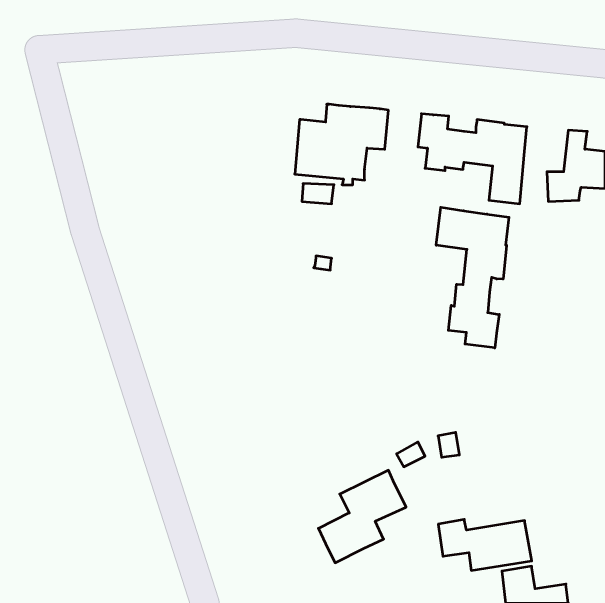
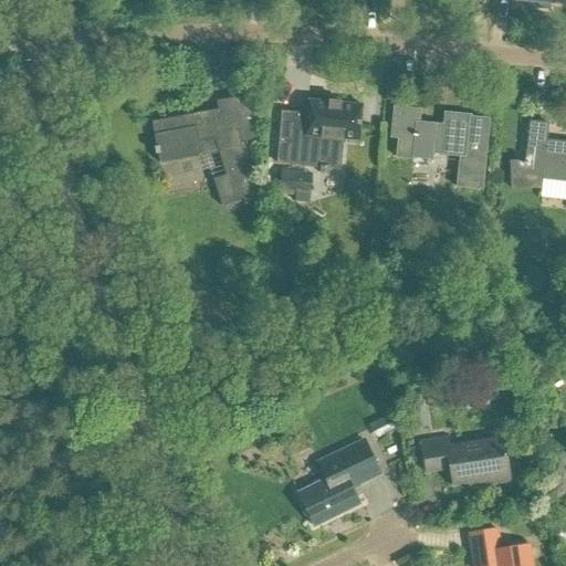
building: none -> [151,94,260,205]
building: [436,207,509,348] -> none
building: [438,519,532,570] -> [421,437,509,484]

